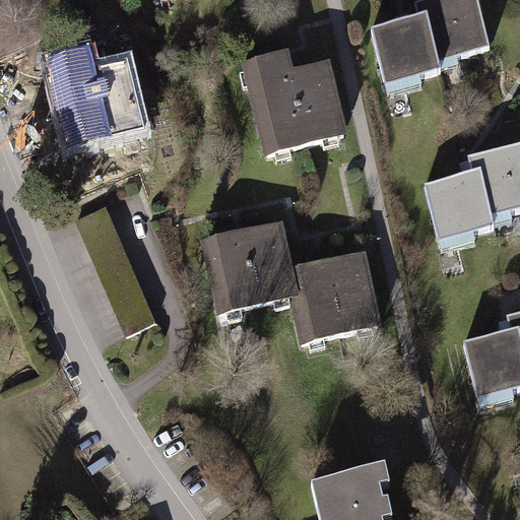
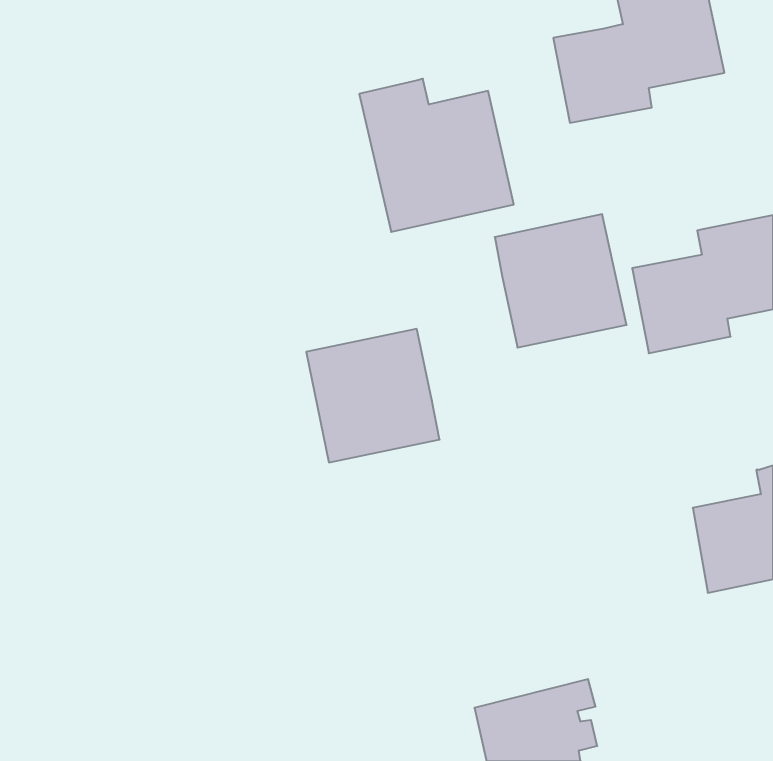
building: [49,49,142,143] -> none
building: [77,199,158,328] -> none
building: [289,253,378,342] -> [495,214,627,348]

